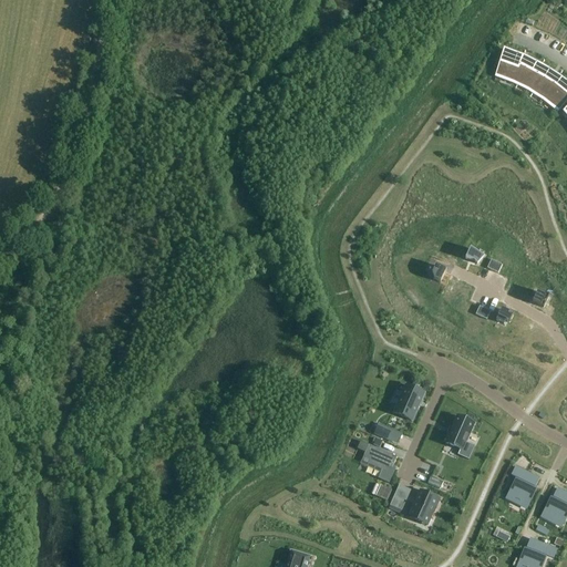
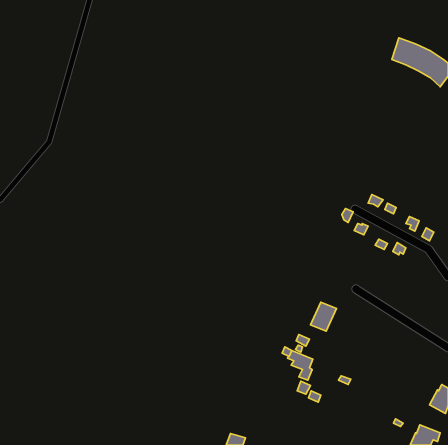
building: [443,413,475,460] -> none
building: [507,465,538,504] -> none
building: [405,487,441,524] -> none

